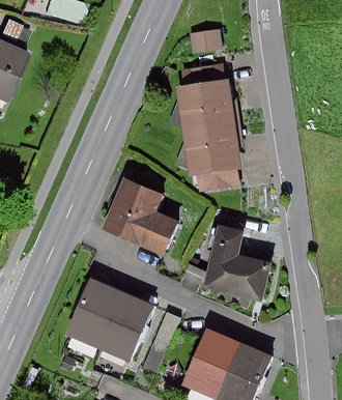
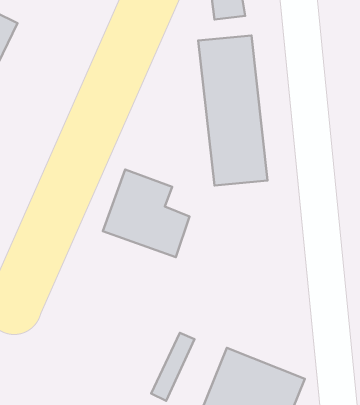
building: [204,225,270,298] -> none
building: [67,280,150,361] -> none

